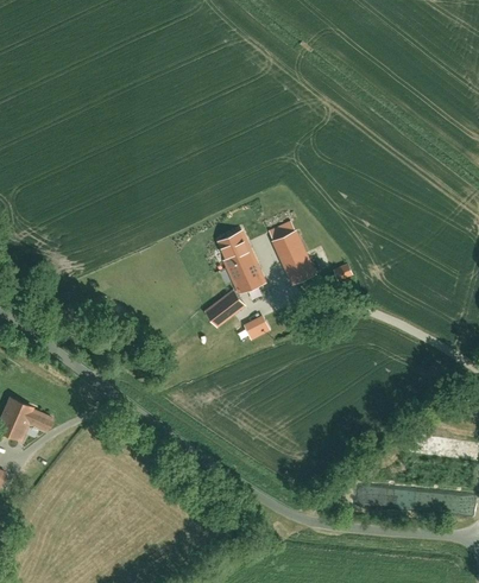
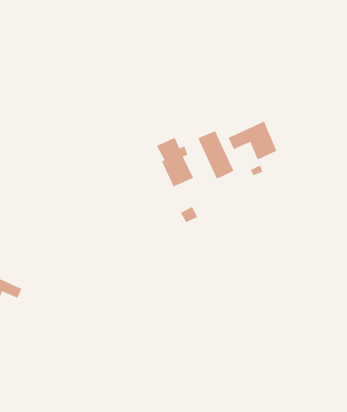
building: none -> [228,121,278,161]
building: [204,289,245,325] -> none

